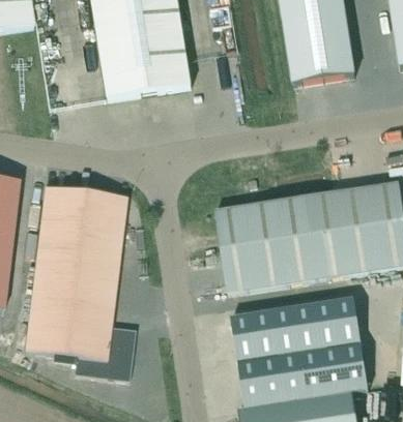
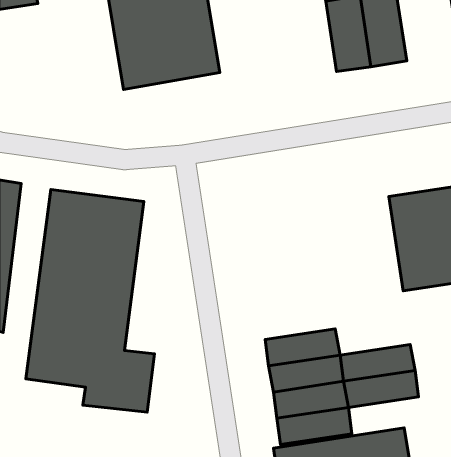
building: [214,191,351,292] -> none
building: [292,297,357,329] -> none
building: [304,365,369,397] -> none

